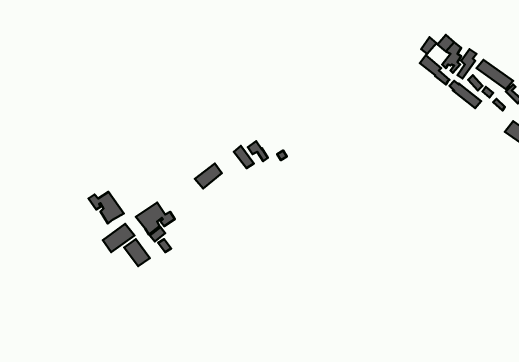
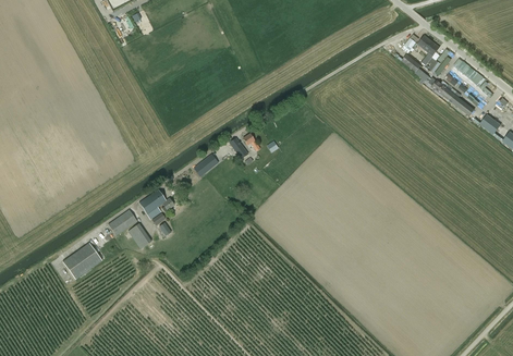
building: [89,192,124,224] -> none
building: none -> [62,242,102,279]

